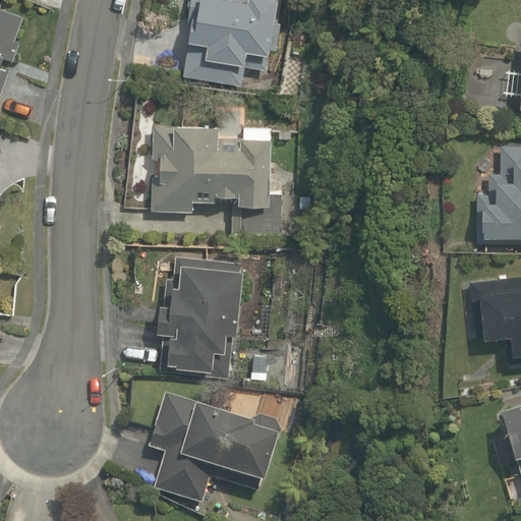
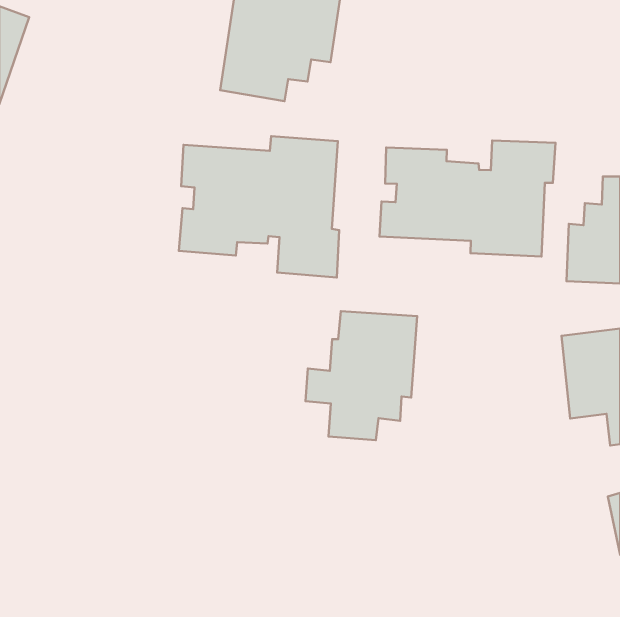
building: none -> [379,140,555,257]
building: [158,260,251,368] -> [305,311,417,440]
building: [148,393,287,504] -> none

